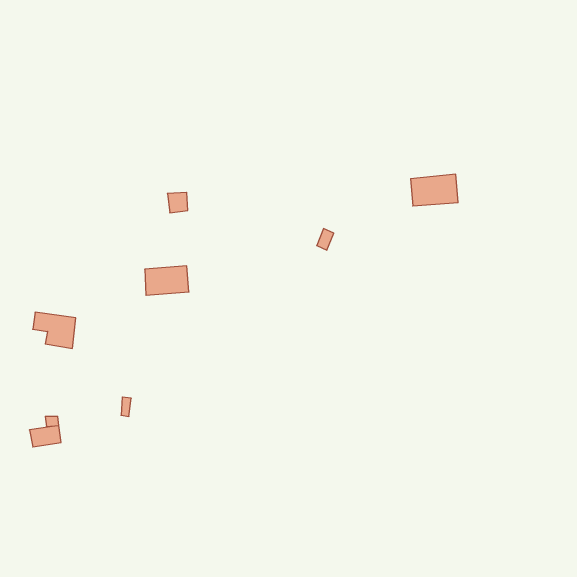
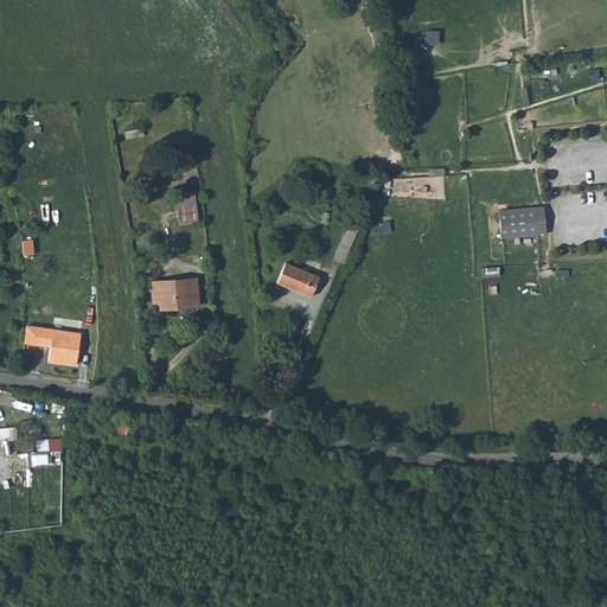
building: [411,174,458,206] -> [497,204,547,237]
building: none -> [276,262,318,296]

